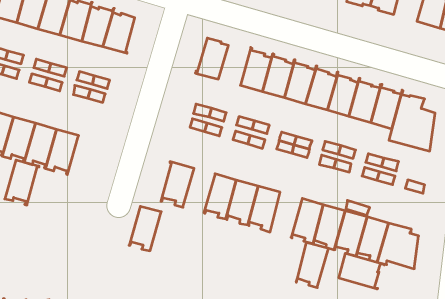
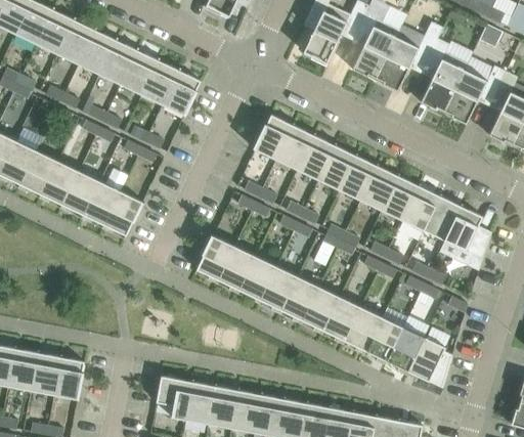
building: none -> [275,122,314,169]
building: [5,160,39,205] -> [103,191,144,239]
building: [129,206,161,251] -> [216,246,255,293]
building: [296,243,328,288] -> [301,286,340,334]
building: [339,253,384,289] -> none

